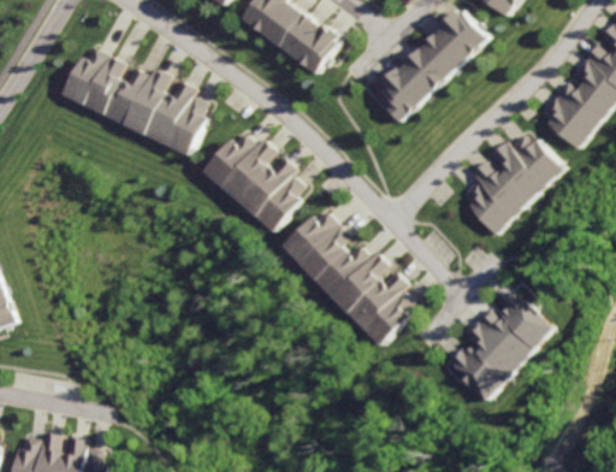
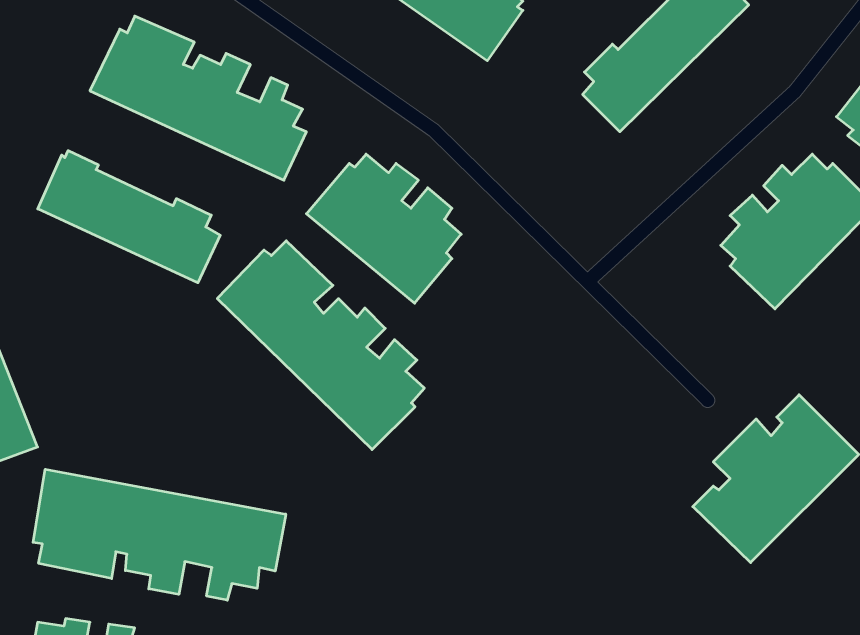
building: none -> [38,151,220,283]
building: [277,208,410,343] -> [217,241,424,450]
building: none -> [33,469,286,600]

